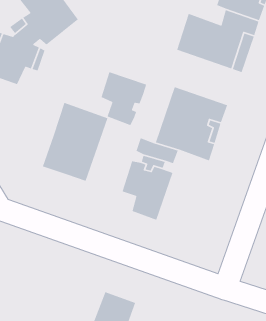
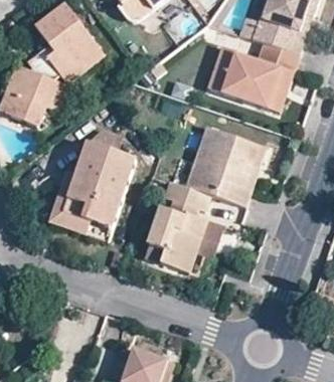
building: [100,71,147,126] -> none
building: none -> [49,176,91,234]

